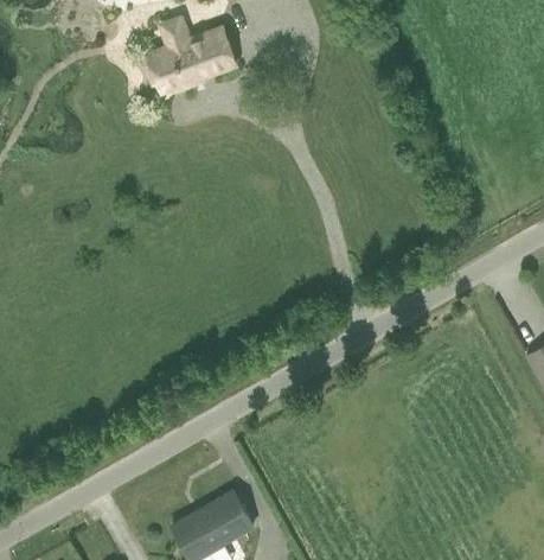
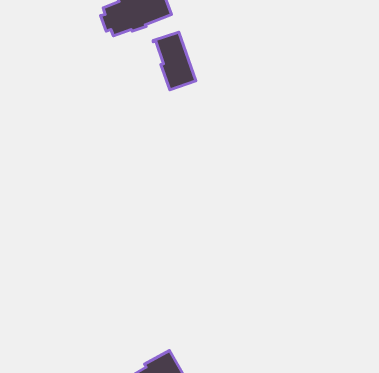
building: none -> [153,32,196,90]

